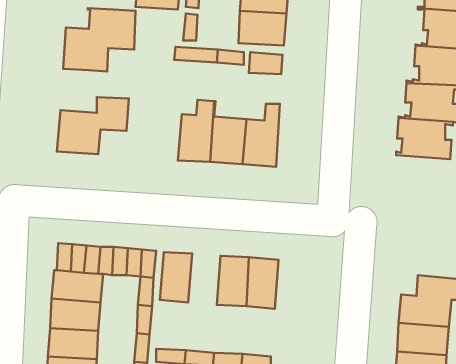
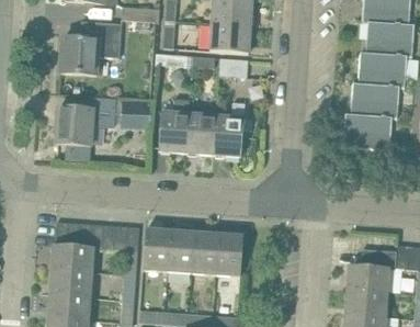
building: none -> [120,99,149,127]
building: none -> [167,229,194,273]

